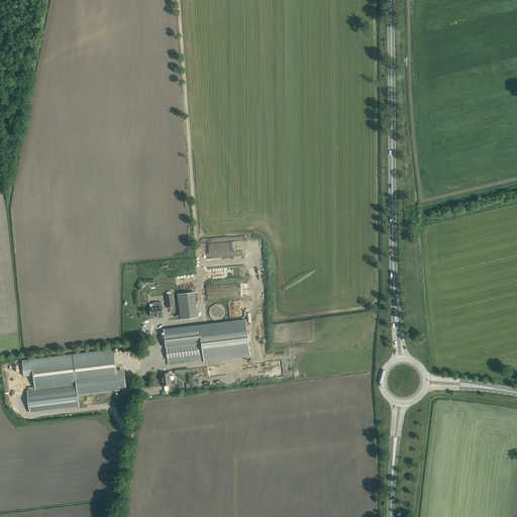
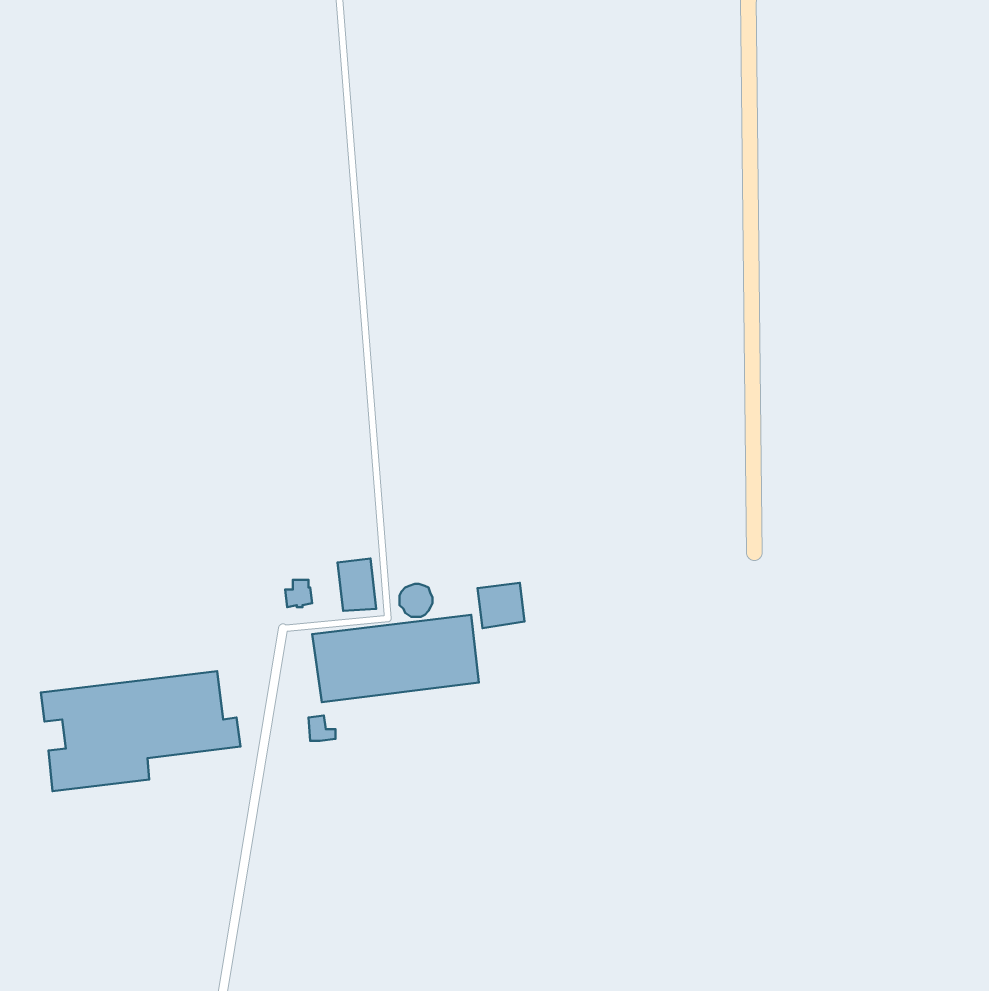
building: none -> [477,583,524,628]

